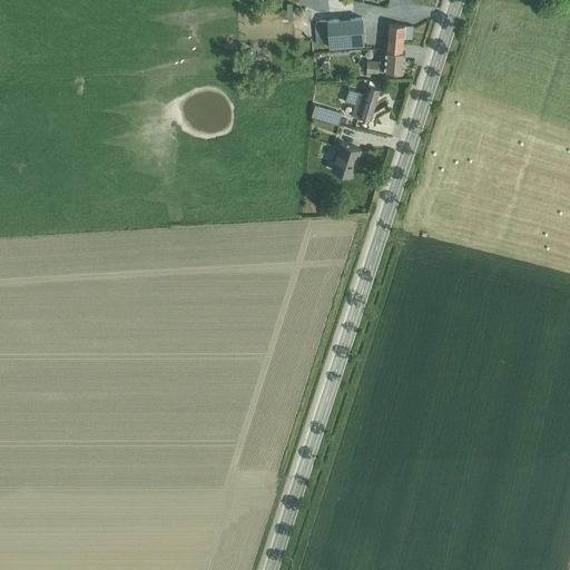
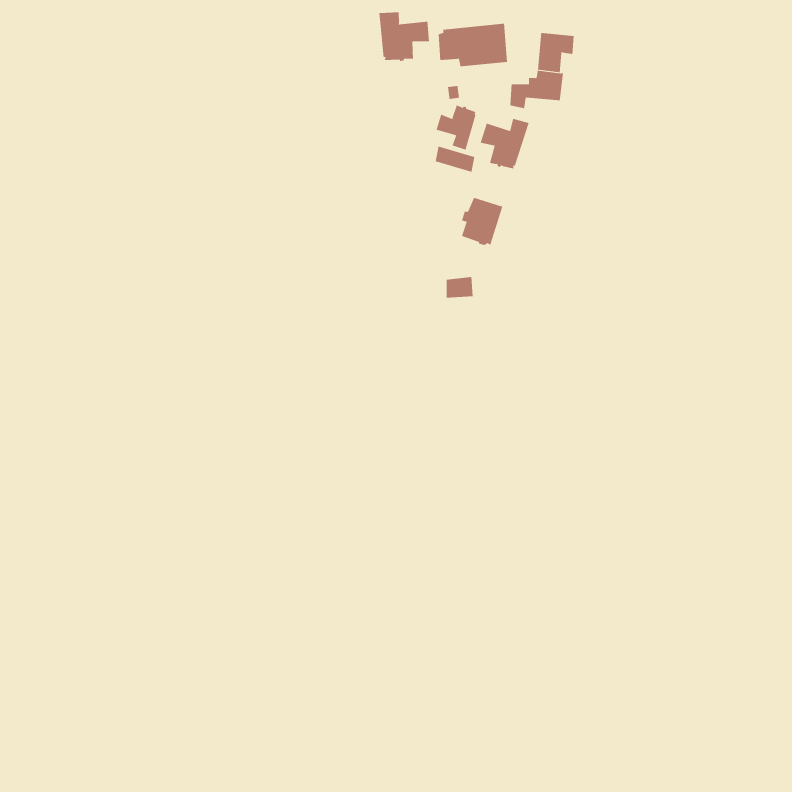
building: none -> [379,11,429,62]
building: none -> [436,104,477,150]

